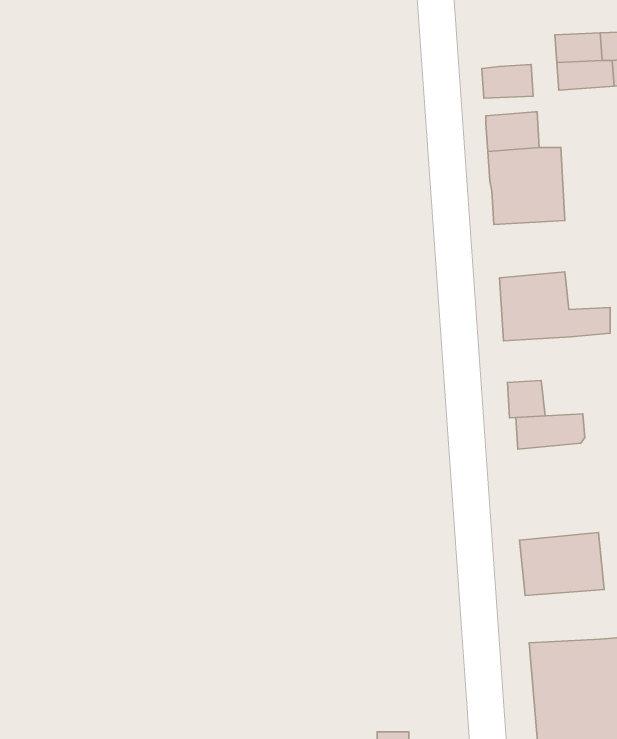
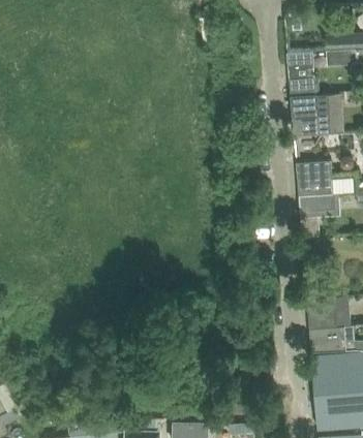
building: [516,414,585,449] -> [298,194,334,213]
building: none -> [309,326,349,354]

